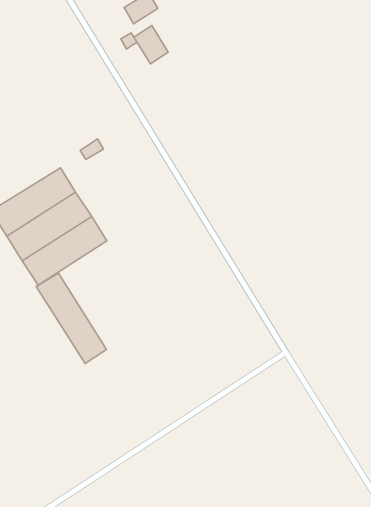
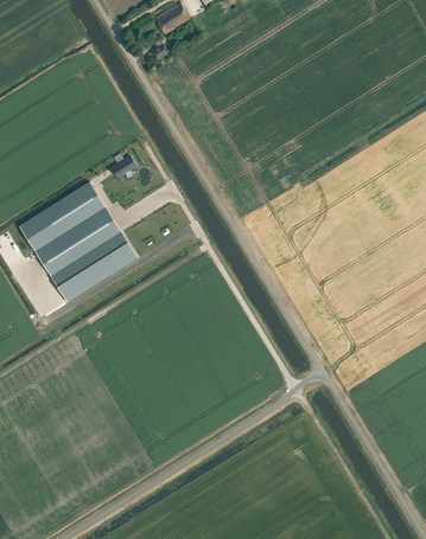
building: [134,25,168,64] -> none
building: [36,273,106,363] -> none

